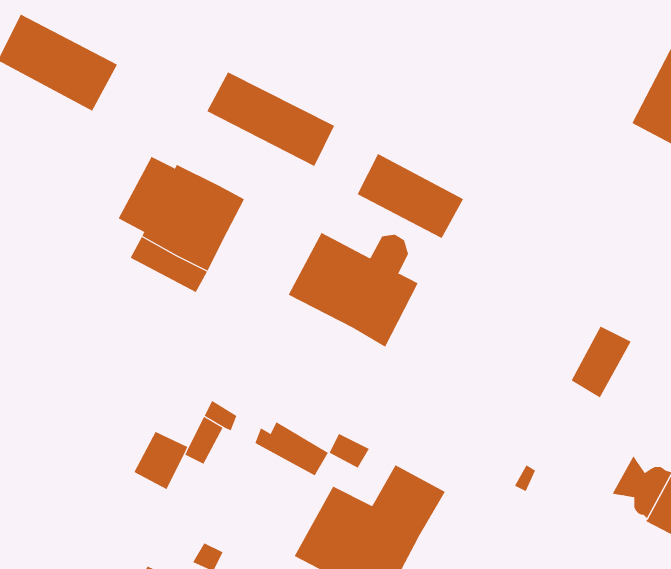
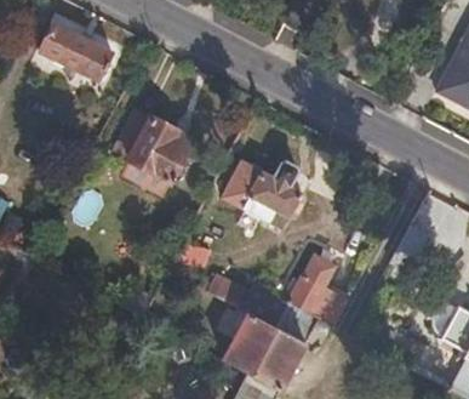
building: [206,72,335,167] -> none
building: [357,153,464,239] -> none
building: none -> [286,252,347,327]

